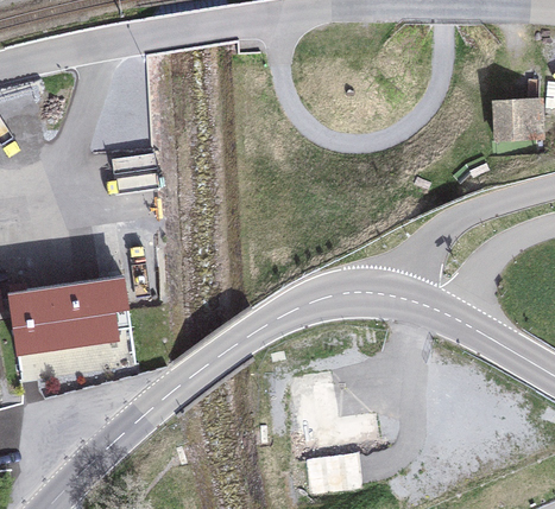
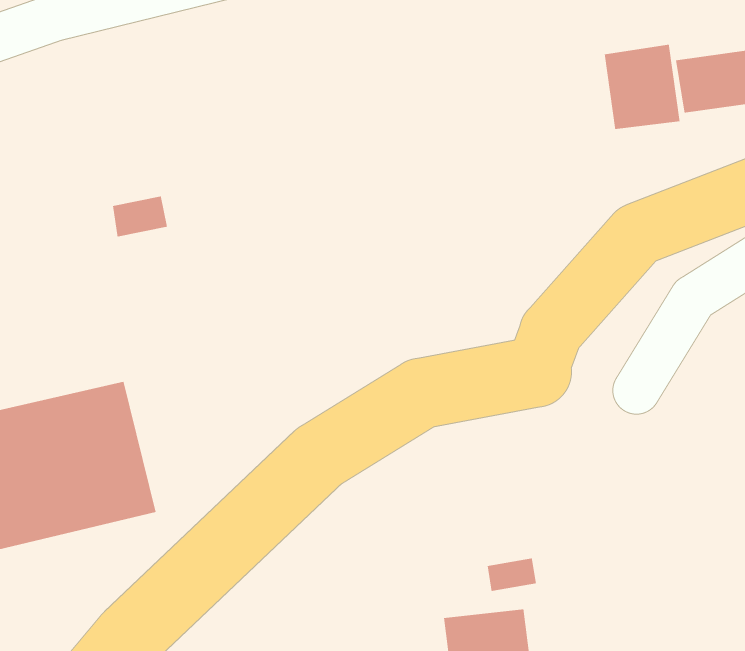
building: none -> [604,44,680,130]

